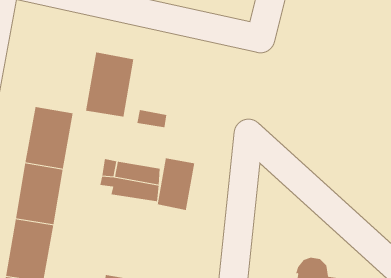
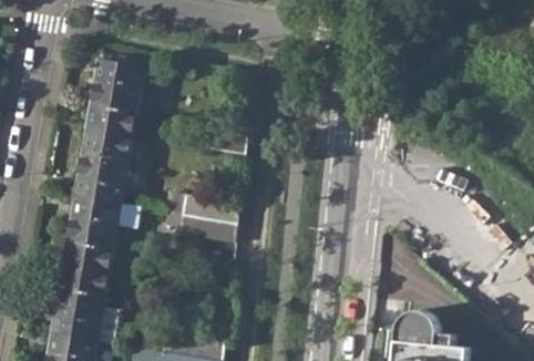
building: [85,52,134,117] -> [85,59,144,137]
building: [157,157,195,211] -> none

